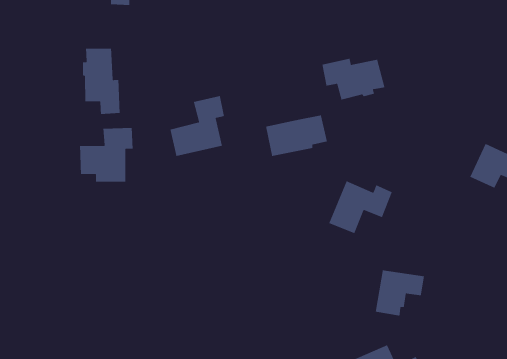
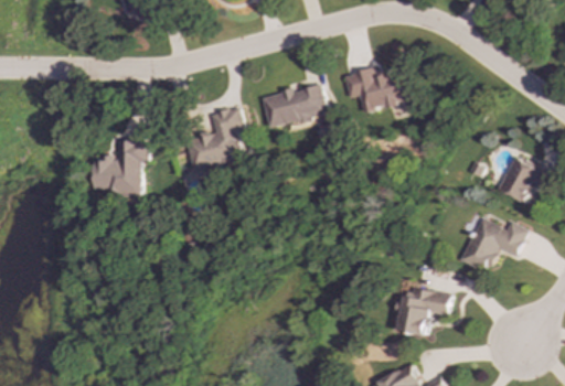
building: [82,48,120,115] -> none
building: [265,114,328,157] -> [263,84,328,128]
building: [328,180,393,234] -> [460,216,527,272]

